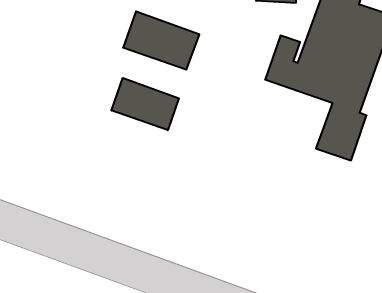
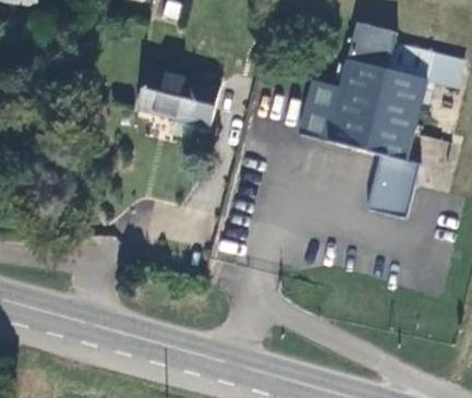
building: [111,78,179,130] -> none

